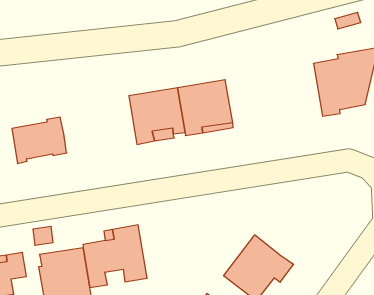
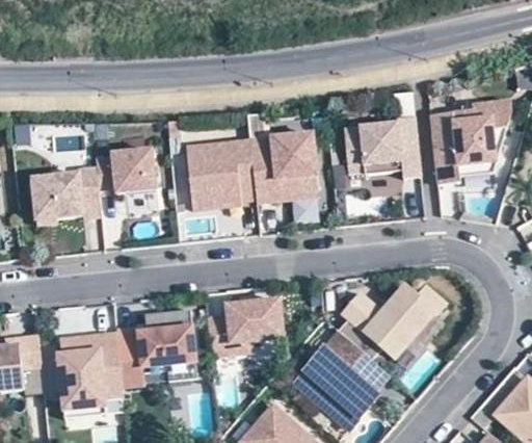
building: none -> [343,114,420,176]
building: none -> [97,146,158,189]
building: none -> [338,286,446,362]
building: none -> [207,299,284,357]

